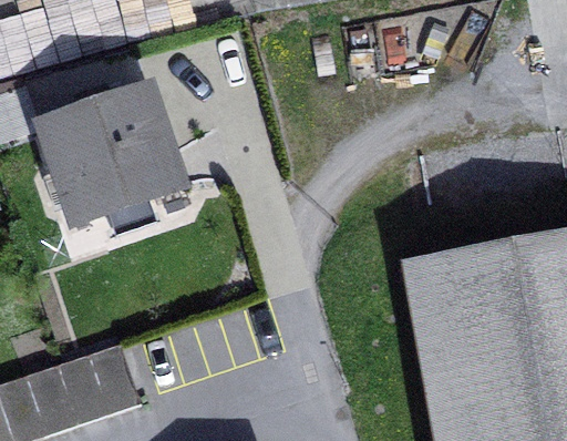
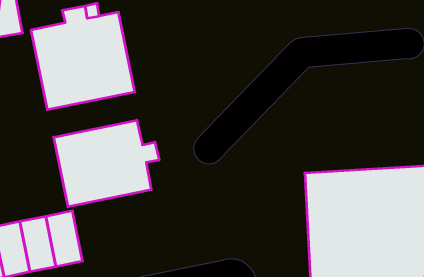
building: none -> [54,120,159,207]

